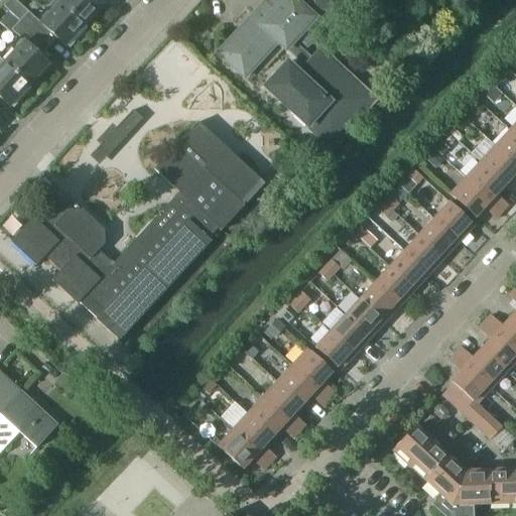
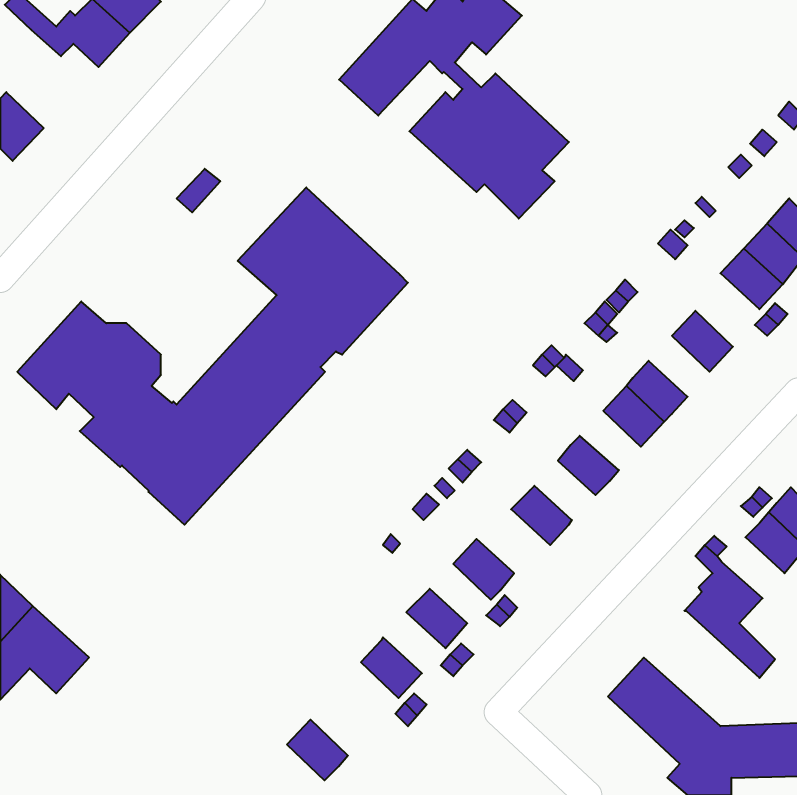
building: [5,19,48,83] -> none
building: [450,176,491,216] -> none
building: [419,217,459,256] -> none
building: [375,265,414,303] -> none
building: [346,297,385,336] -> none
building: [315,329,356,368] -> none
building: [467,347,507,386] -> none
building: [278,364,317,402] -> none
building: [248,395,288,434] -> none
building: [219,427,258,467] -> [287,720,348,780]

